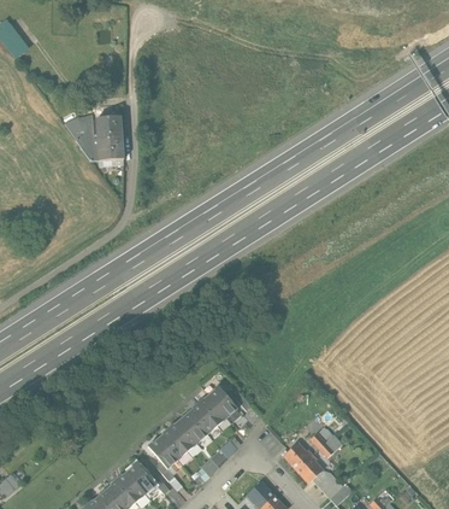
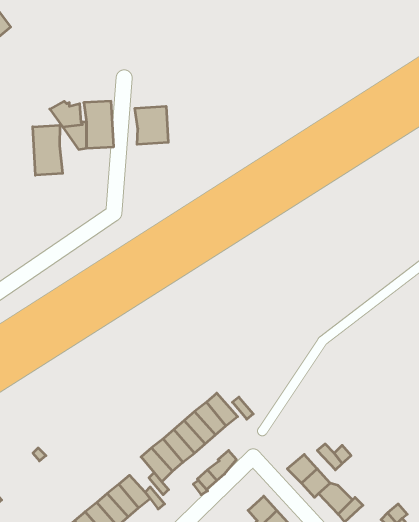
building: none -> [135,106,168,144]
building: none -> [33,125,63,175]

